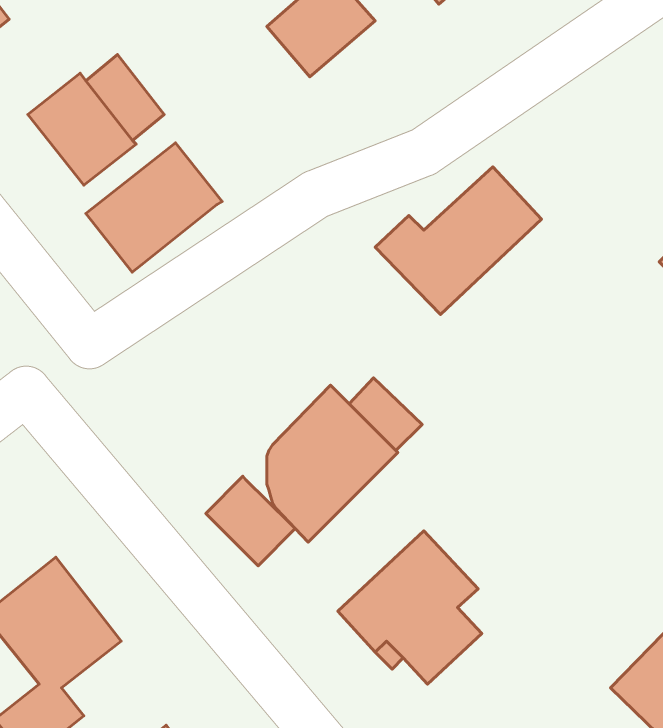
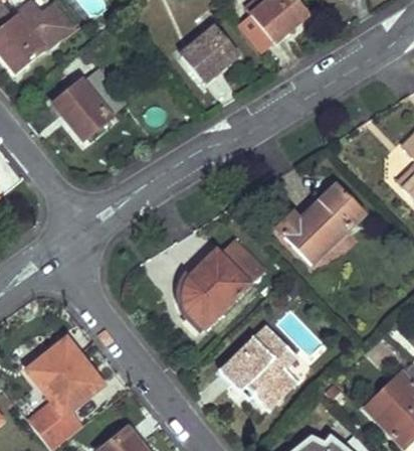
building: [86,143,222,272] -> none
building: [375,167,541,314] -> [273,185,363,265]
building: [206,476,295,566] -> none

